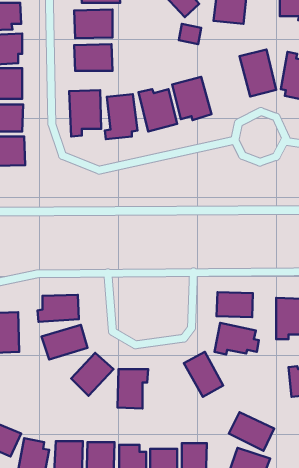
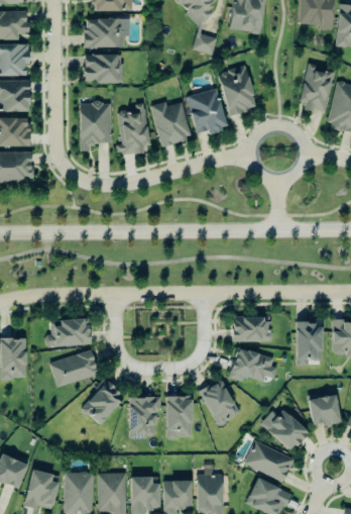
building: [239,49,276,97] -> [218,66,256,115]
building: none -> [165,395,193,437]
building: none -> [260,408,309,450]

